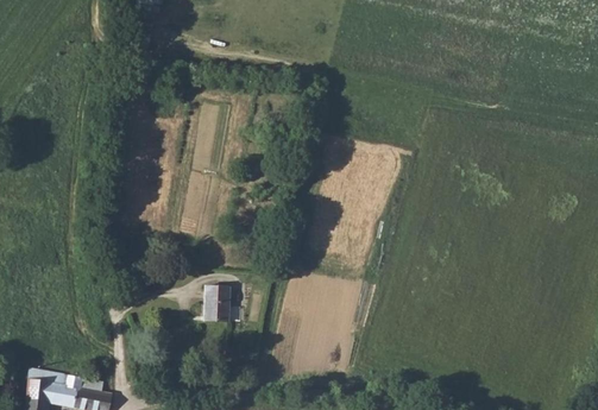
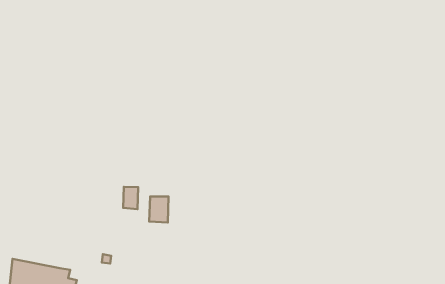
building: none -> [123,187,138,209]

